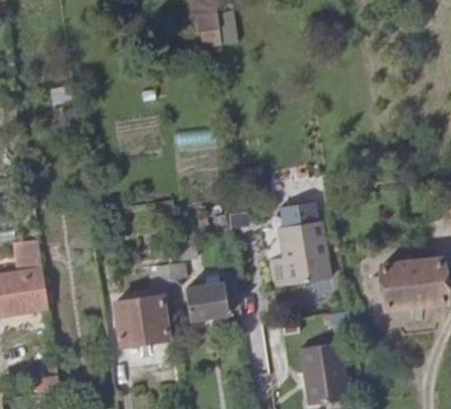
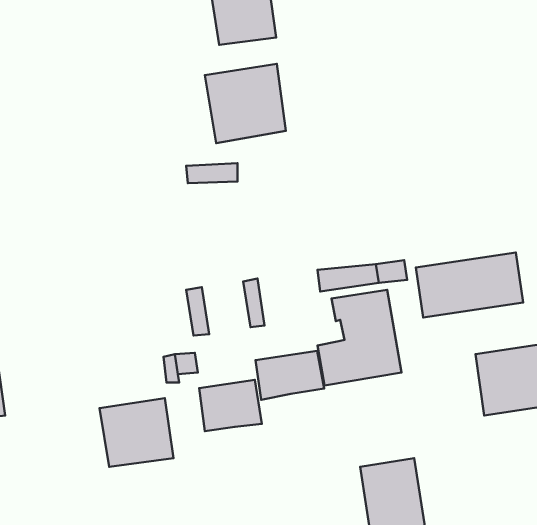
building: none -> [205,64,286,143]
building: none -> [416,253,523,317]
building: none -> [255,351,324,400]

